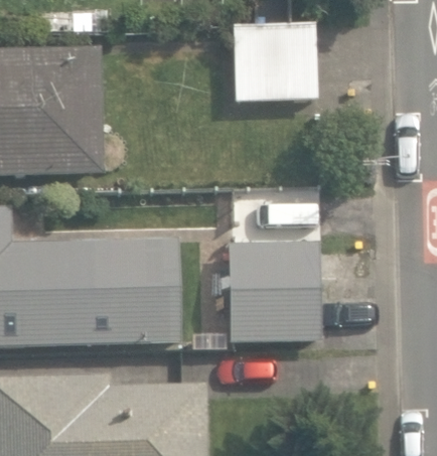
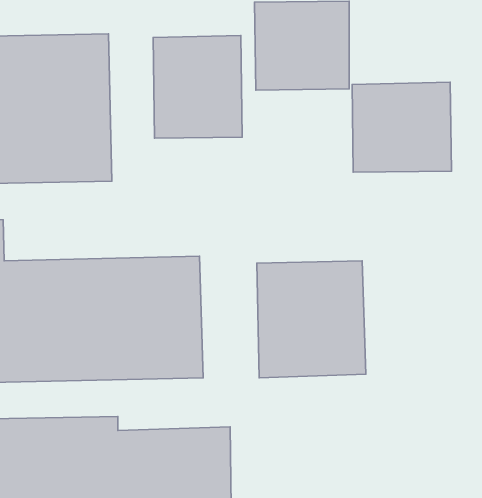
building: none -> [153,35,242,138]
building: none -> [352,82,451,172]

